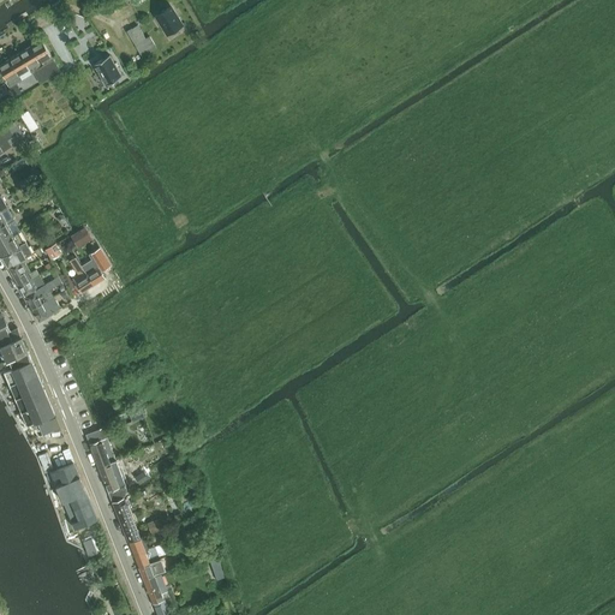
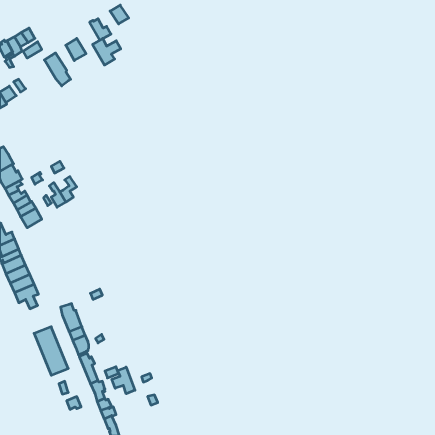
building: none -> [93,38,121,65]
building: none -> [44,53,71,86]
building: none -> [112,367,135,394]

